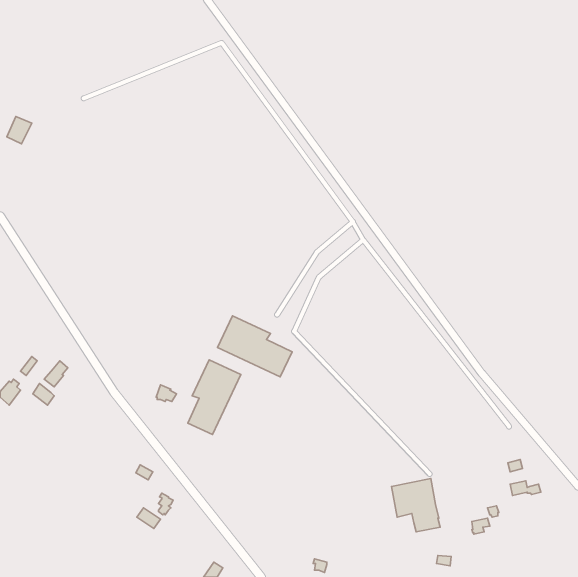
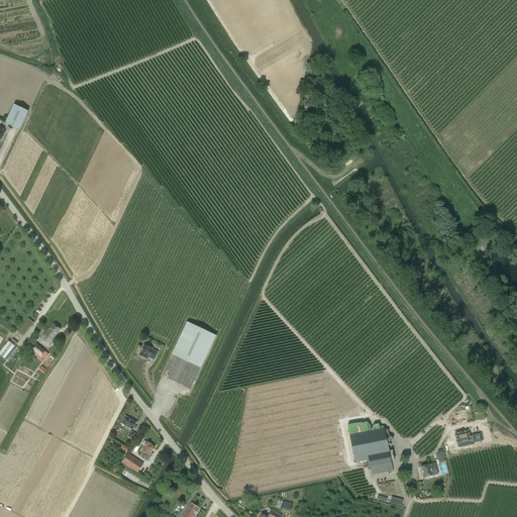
building: [218,316,292,377] -> none

